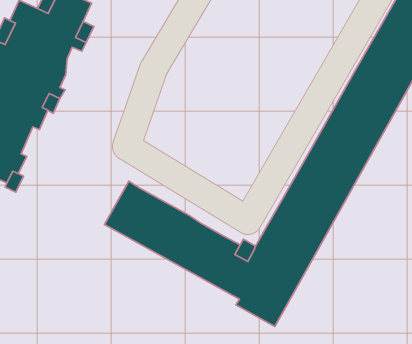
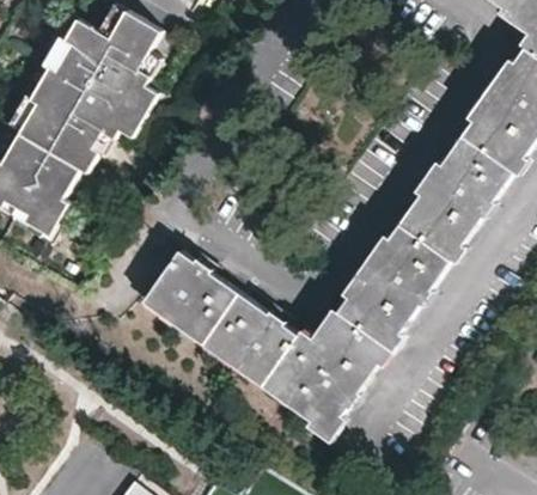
building: none -> [109,85,154,142]

